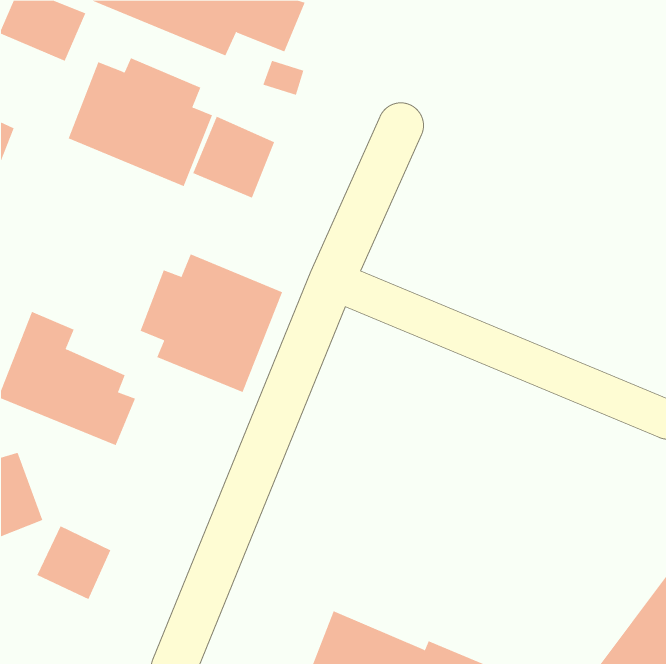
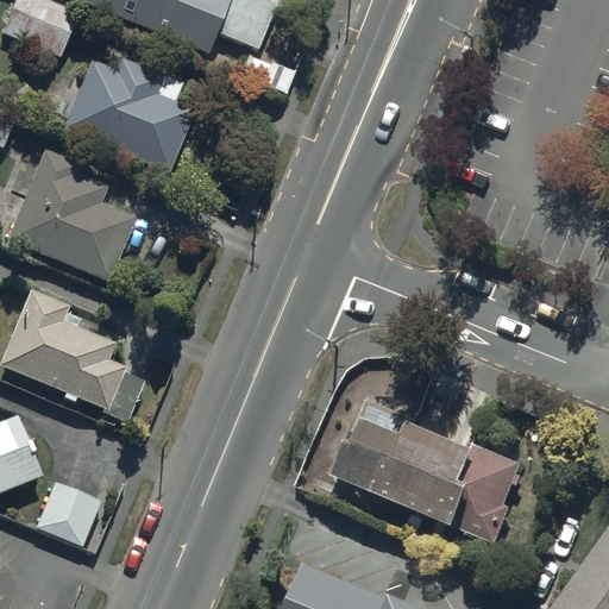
building: [192,116,275,198] -> none
building: none -> [7,149,134,280]
building: [140,254,283,393] -> none
building: none -> [332,396,525,544]

